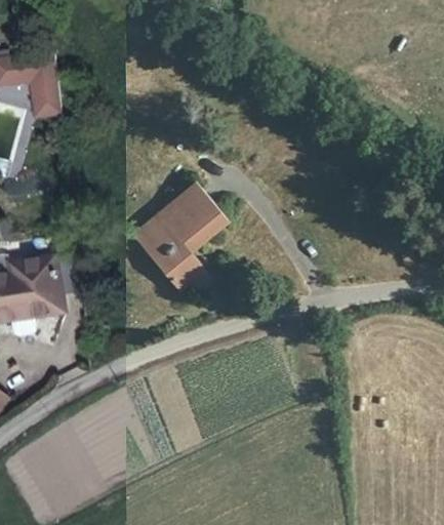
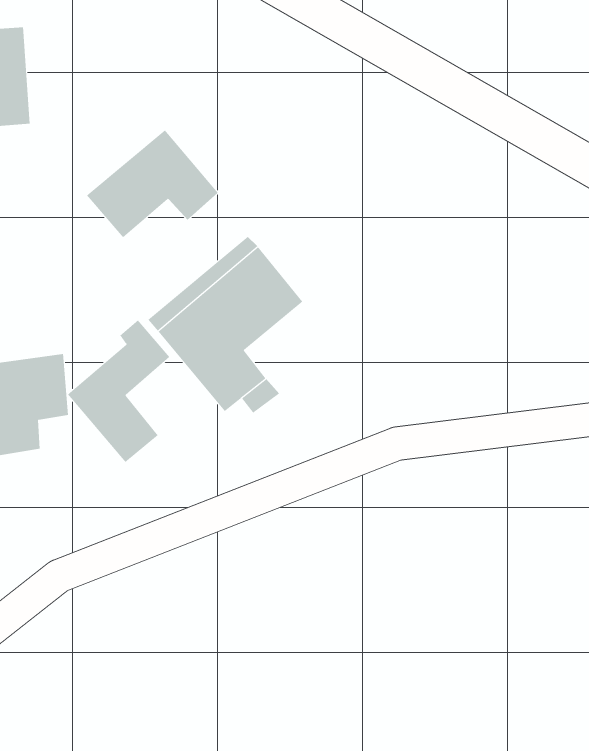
building: none -> [86,130,219,238]
building: none -> [67,320,170,463]

